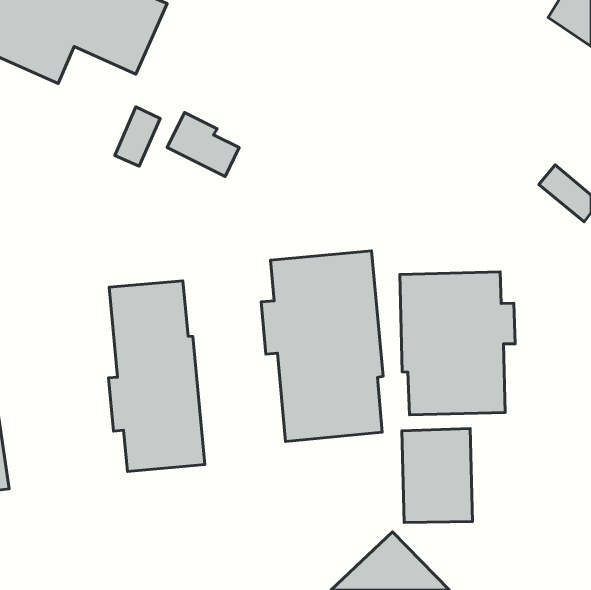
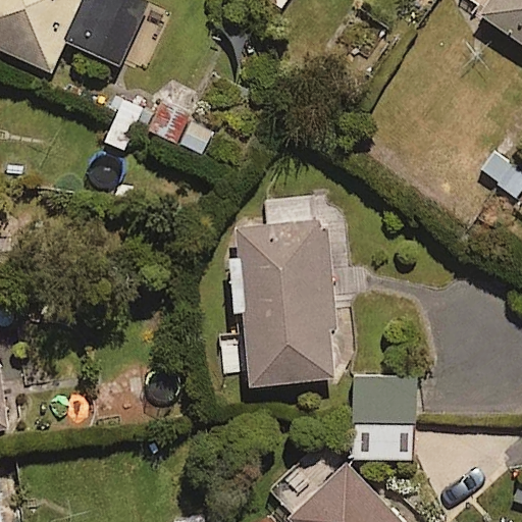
building: [400,272,515,415] -> none
building: [109,281,205,472] -> none

